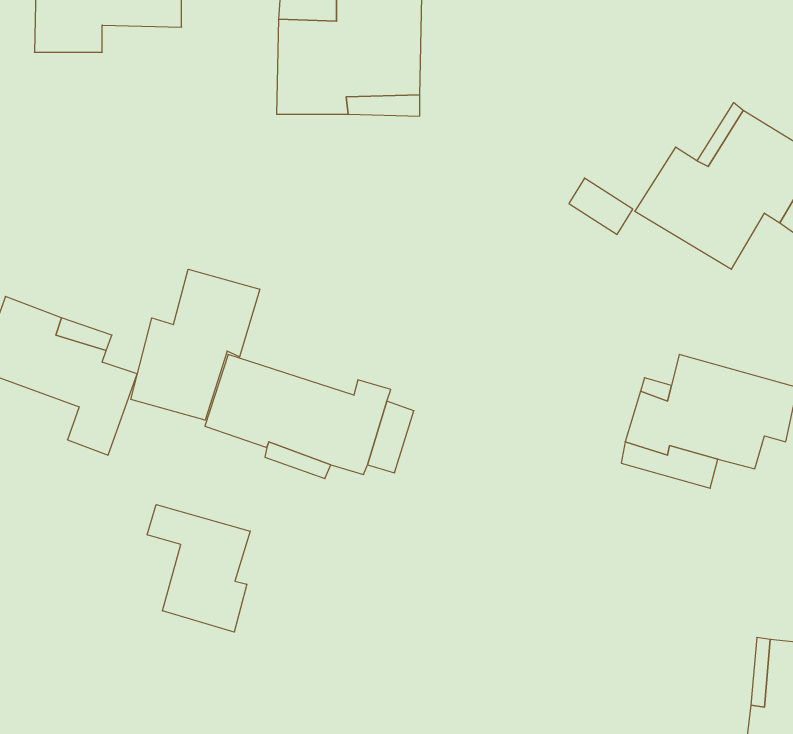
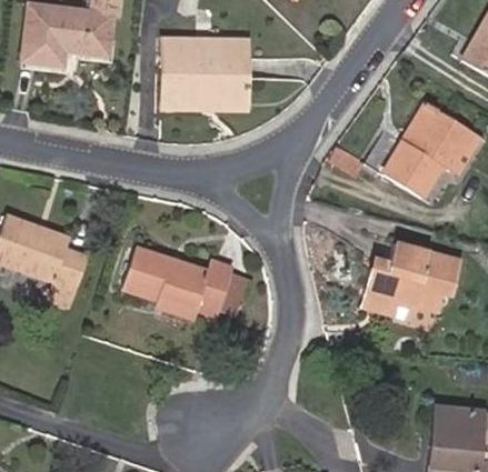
building: [131,269,260,420] -> none
building: [147,505,250,632] -> none

